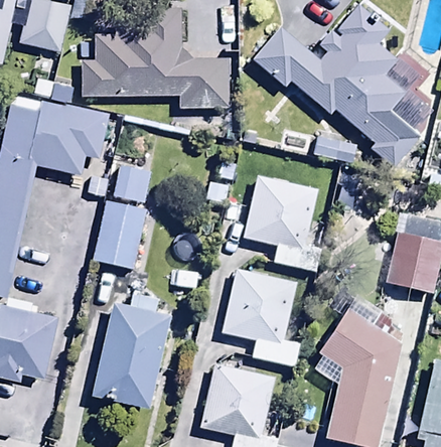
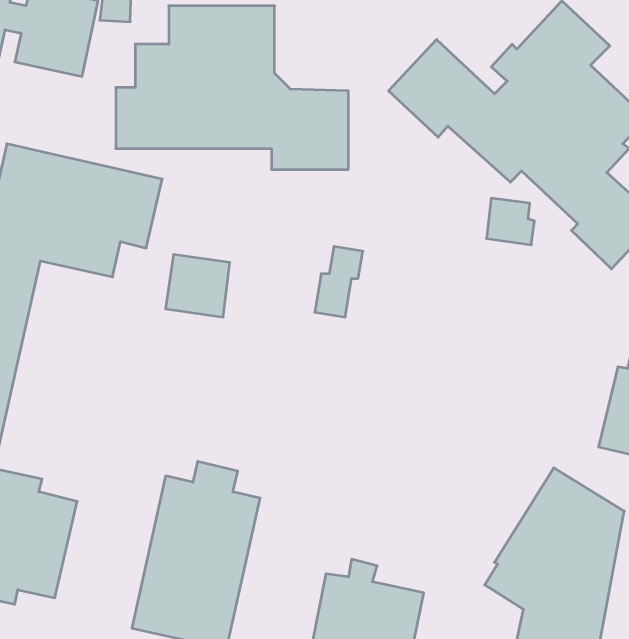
building: [243,168,318,269] -> none
building: [93,199,145,269] -> none
building: [220,267,298,367] -> none

